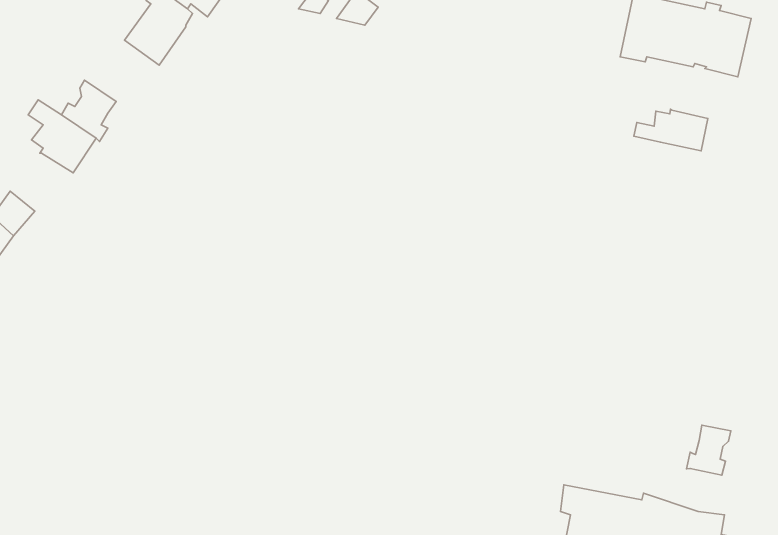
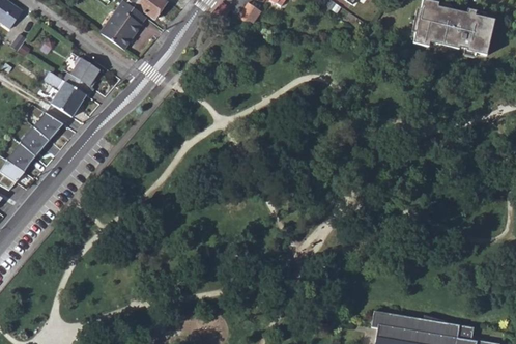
building: [634,109,708,151] -> none
building: none -> [31,113,61,140]
building: [687,425,731,475] -> none

